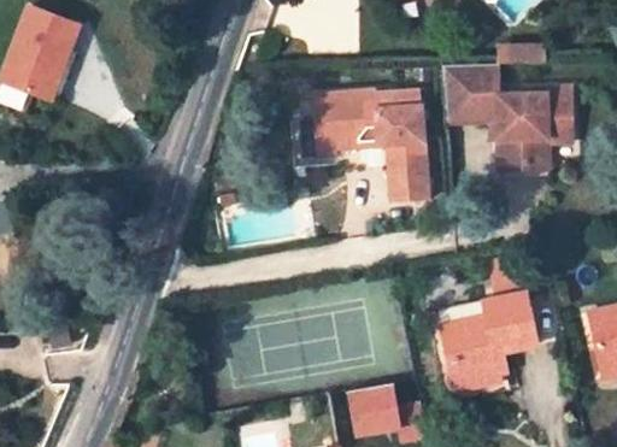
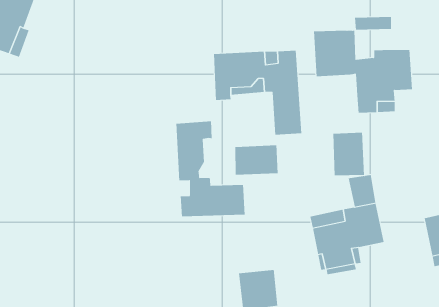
building: none -> [176,121,245,217]
building: none -> [333,132,364,176]
building: none -> [235,144,278,175]

